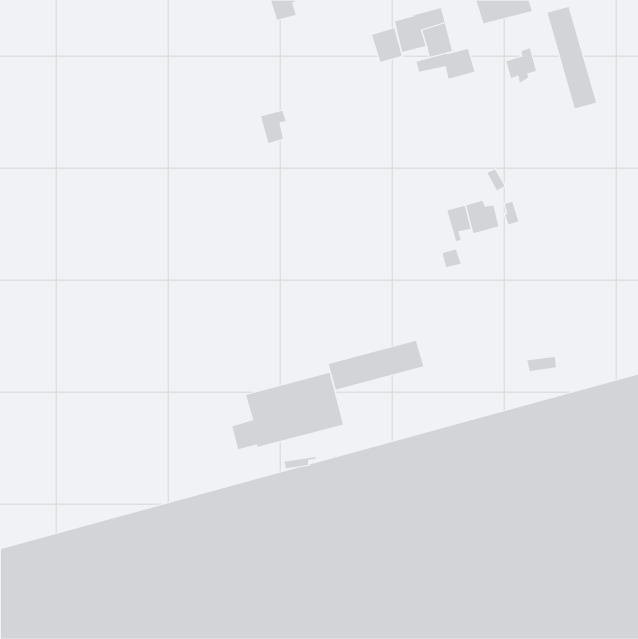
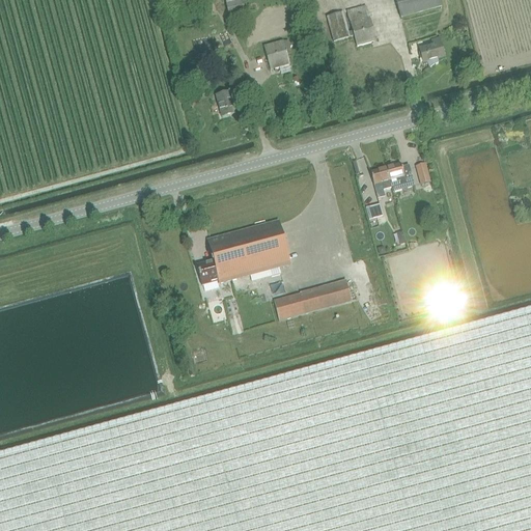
building: [547,6,597,109] -> none
building: [371,27,403,62] -> [264,43,290,72]
building: [416,48,475,80] -> none
building: [231,372,344,450] -> [197,222,290,286]

